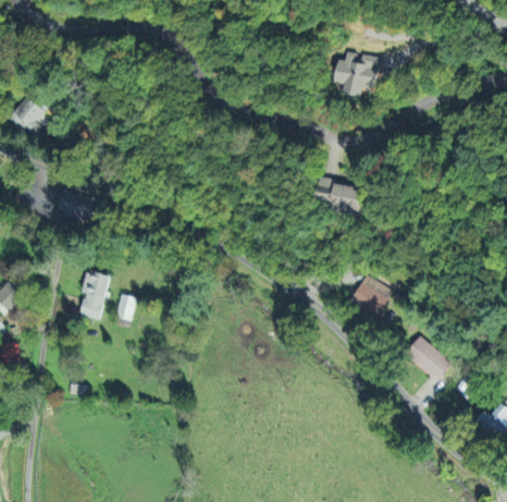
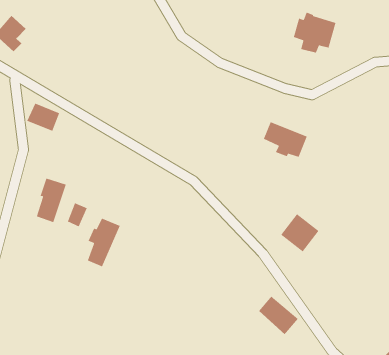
building: none -> [87,217,121,267]
building: [405,339,450,380] -> [258,295,299,335]

